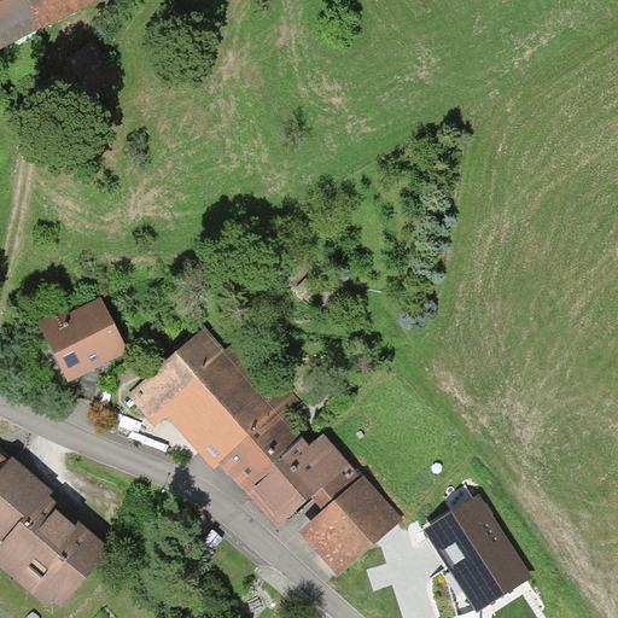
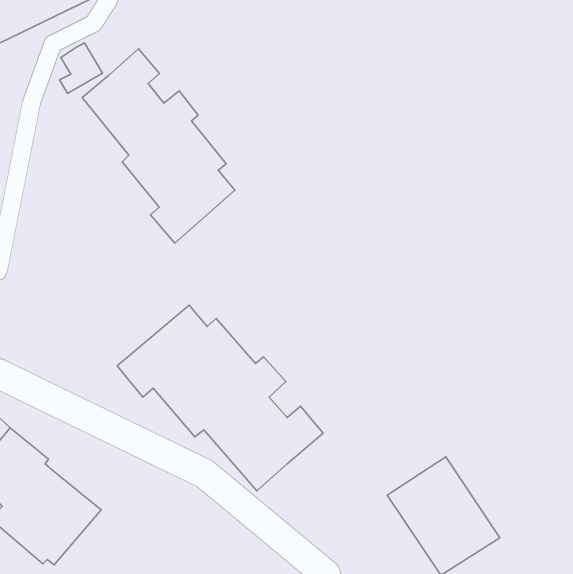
building: none -> [82,49,235,243]
building: [36,298,126,380] -> none
building: [296,465,398,575] -> none

